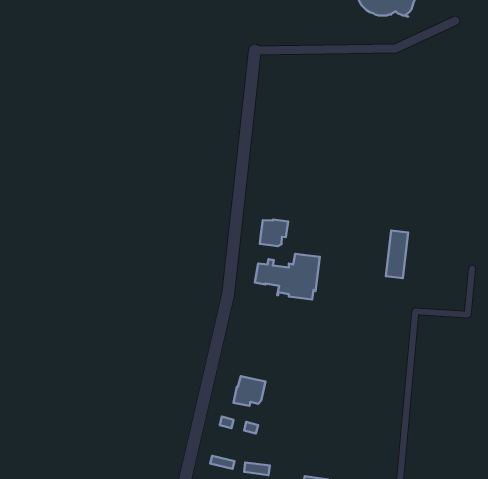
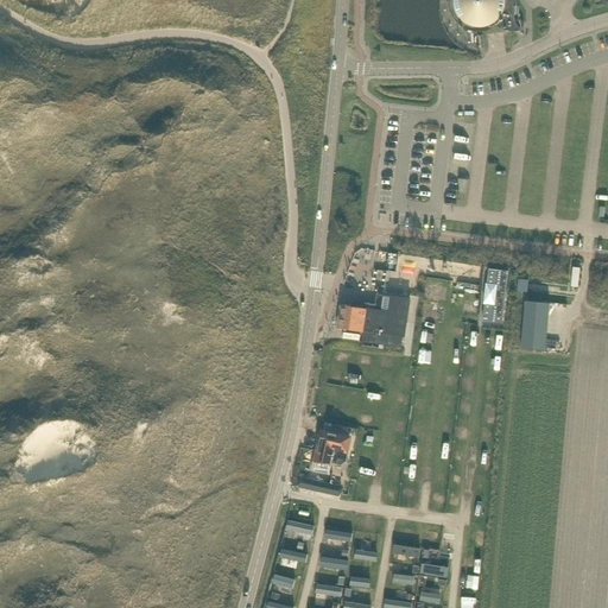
building: [260,219,288,246] -> none
building: none -> [520,300,549,350]

